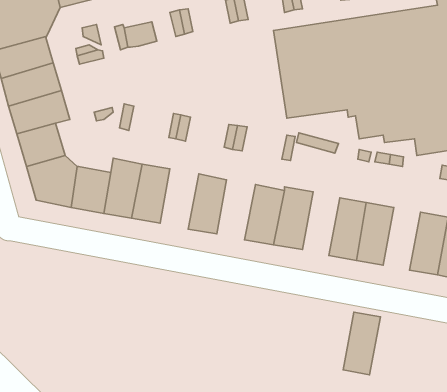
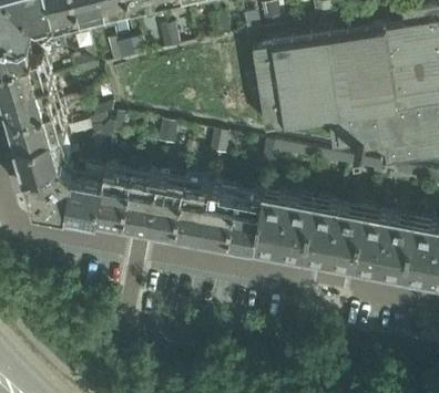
building: none -> [150,178,185,234]
building: none -> [202,188,237,244]
building: none -> [280,199,315,258]
building: [343,312,380,375] -> [355,214,389,271]

